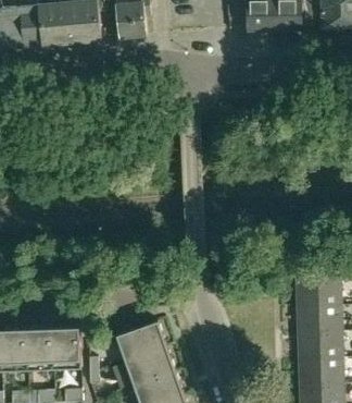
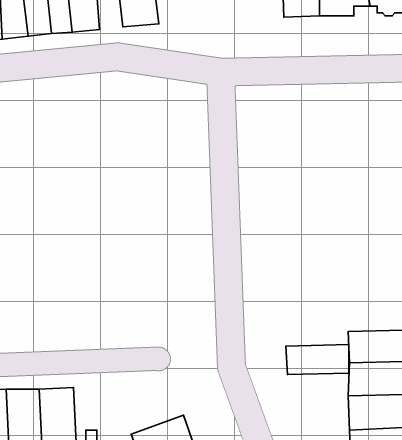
building: none -> [286,344,349,375]
building: [116,320,166,361] -> none

